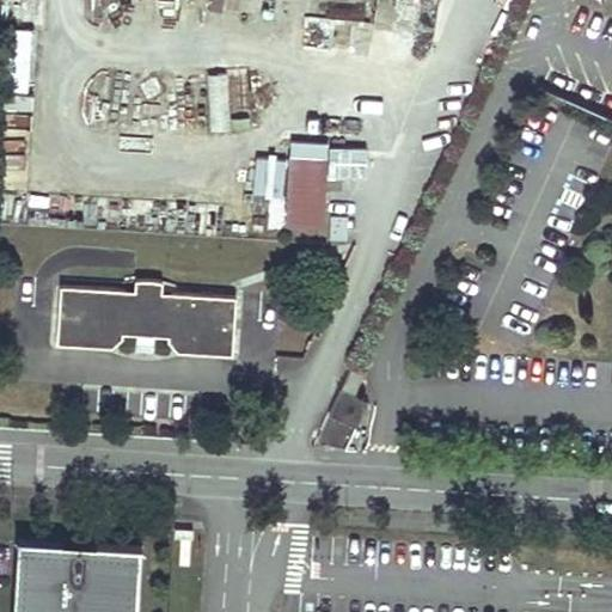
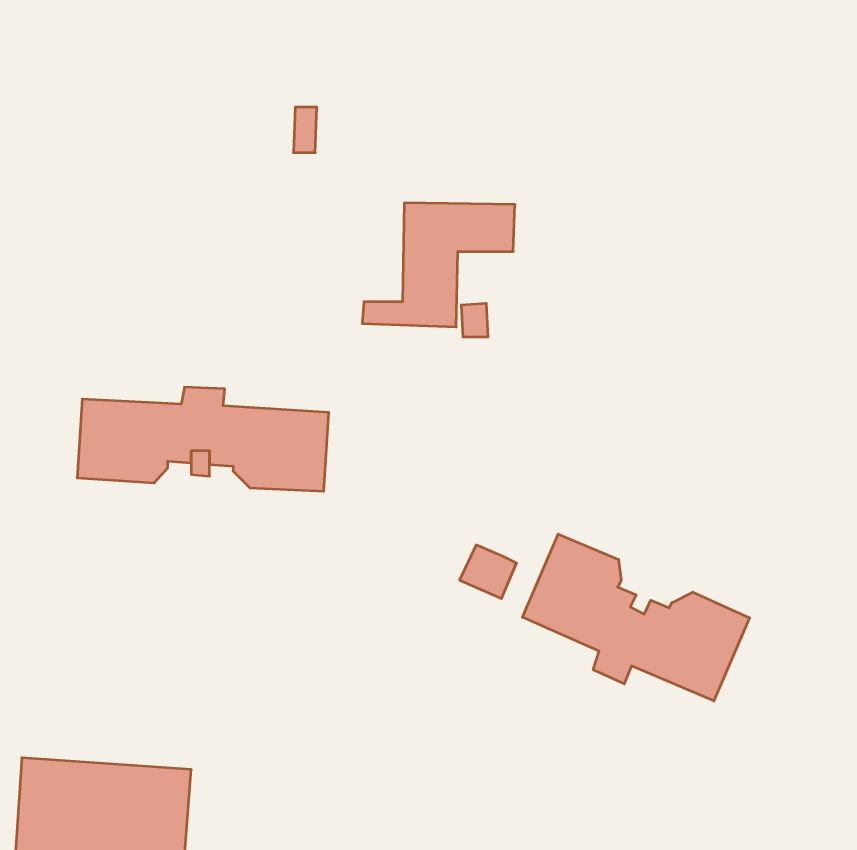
building: none -> [522,534,750,701]

